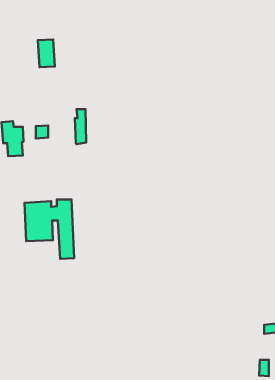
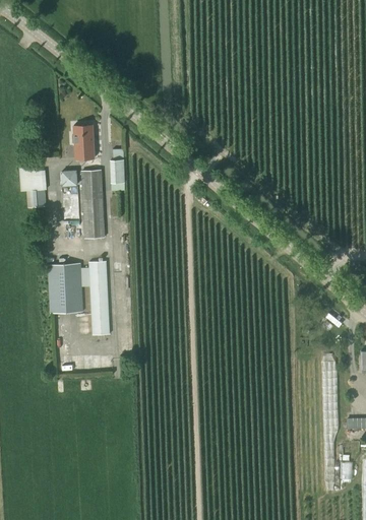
building: [38,39,55,67] -> [73,124,95,158]
building: none -> [80,170,104,238]

